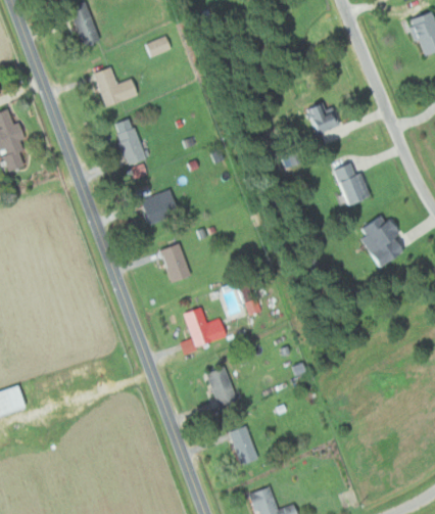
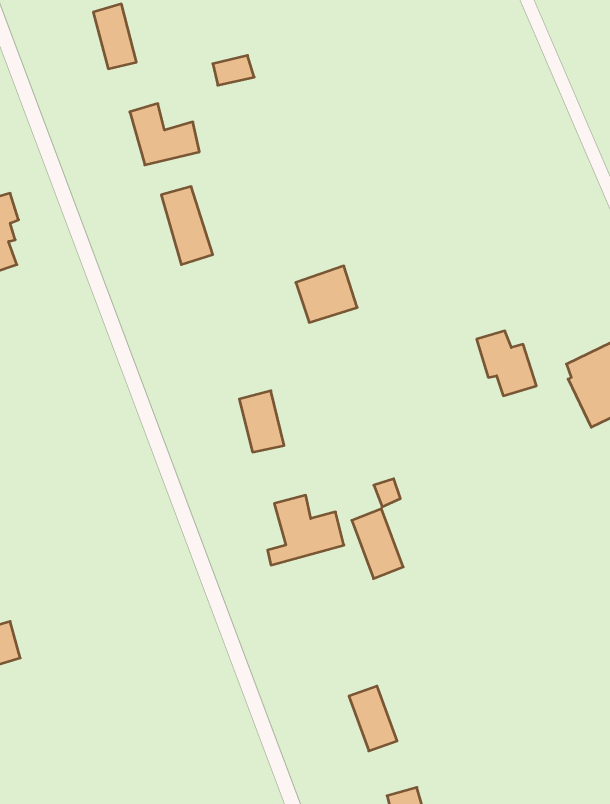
building: [304,103,340,136] -> none
building: [334,165,371,204] -> [477,331,536,396]
building: [142,189,180,224] -> [296,266,357,322]
building: [206,367,238,410] -> [352,509,403,579]

